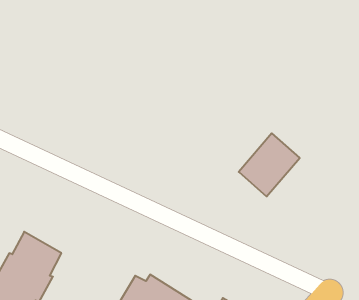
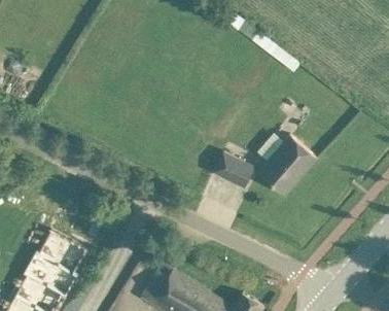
building: none -> [212,151,254,187]

